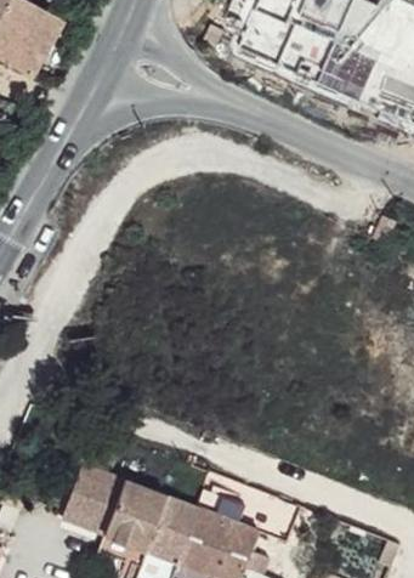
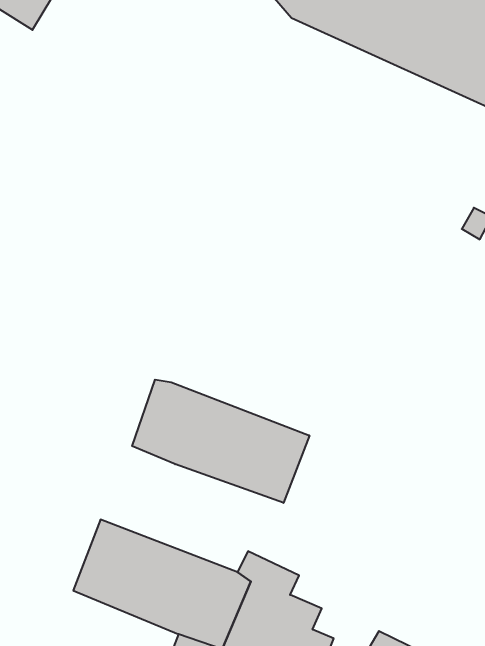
building: none -> [132,380,309,503]

